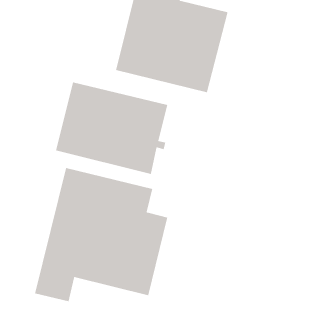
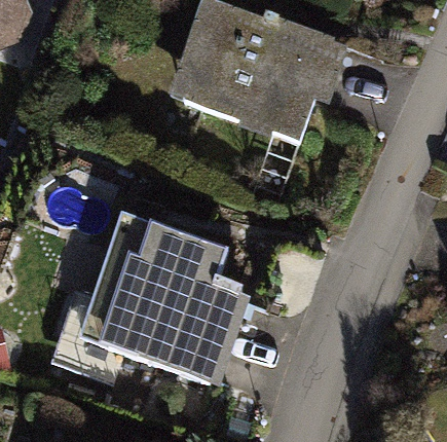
building: [55,82,168,175] -> none

